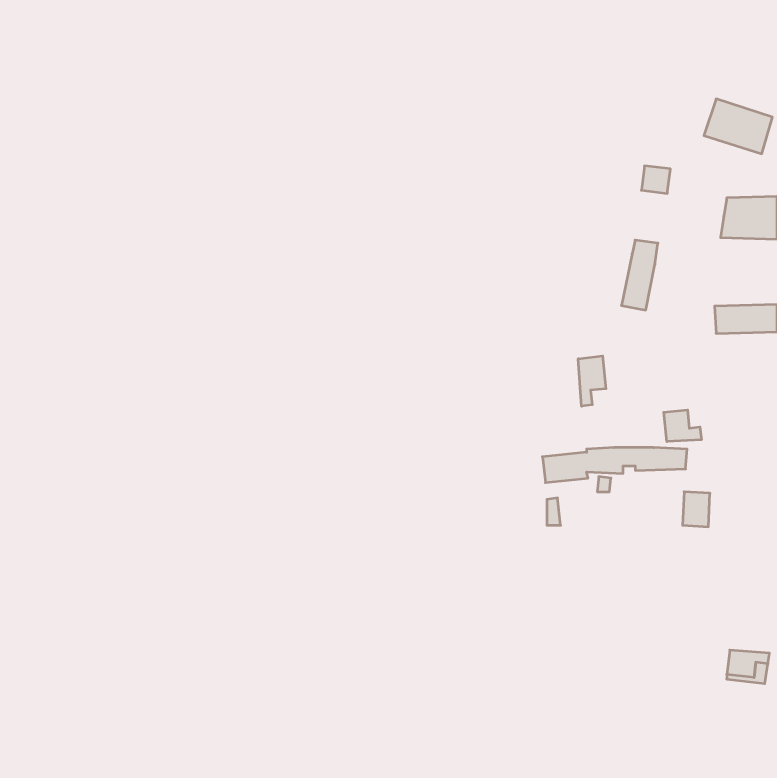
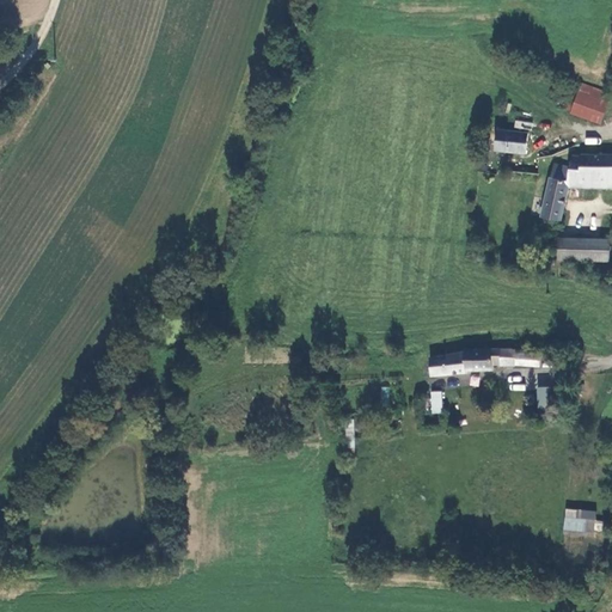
building: [621,240,658,310] -> [539,167,568,222]
building: [578,356,606,406] -> none
building: [664,410,701,442] -> none

